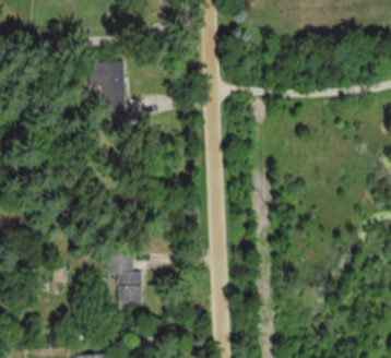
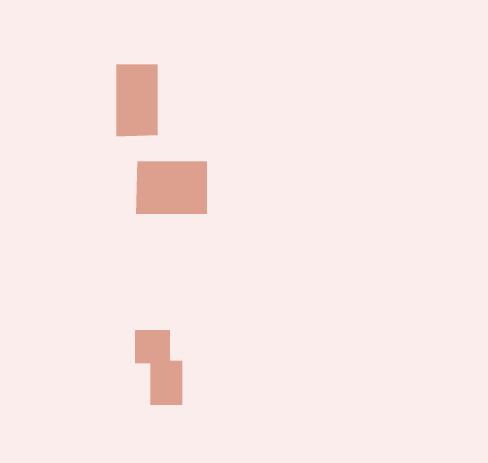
building: none -> [135,160,208,215]

